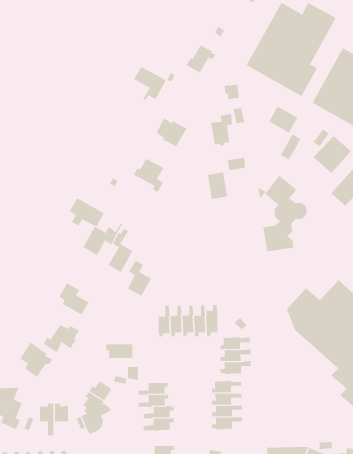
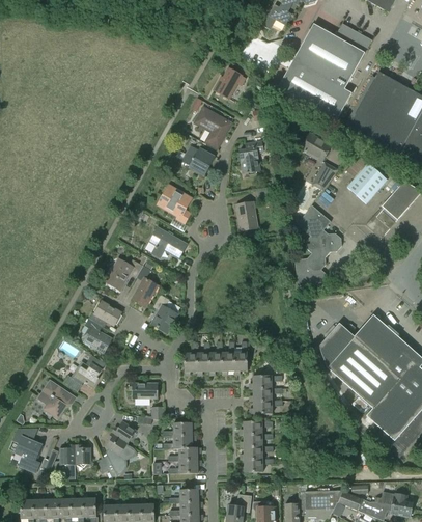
building: [133,66,167,101] -> [195,108,230,144]
building: [69,197,105,227] -> [149,226,187,257]
building: none -> [88,301,120,325]

